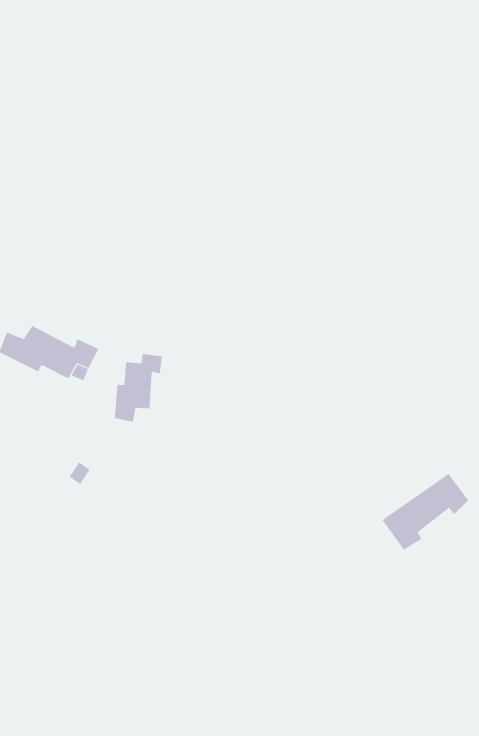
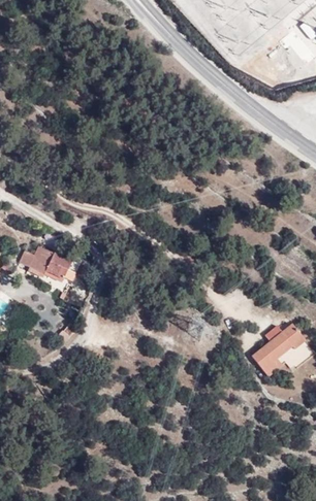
building: [114,353,162,422] -> none

